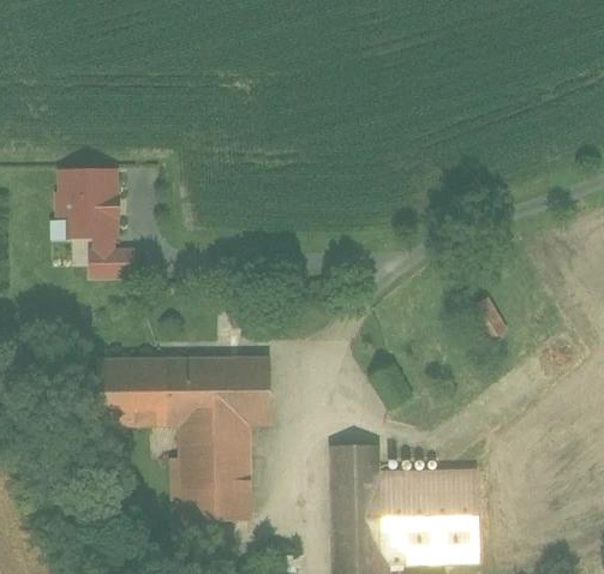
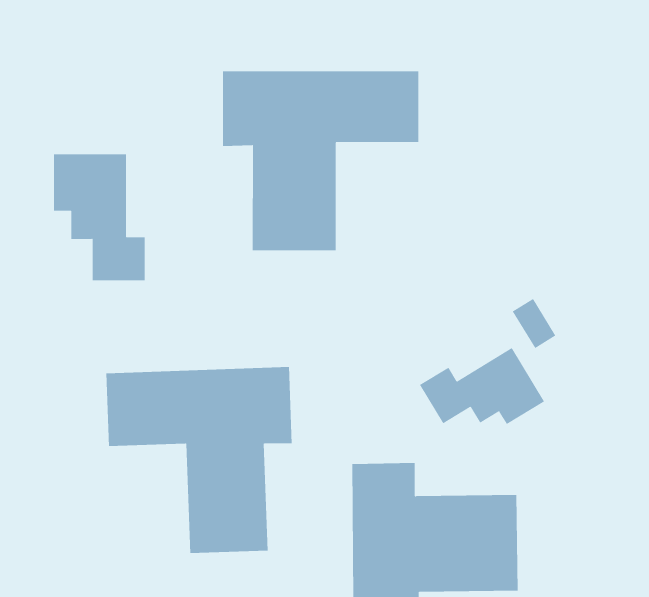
building: none -> [222,70,419,251]
building: none -> [419,347,545,425]

